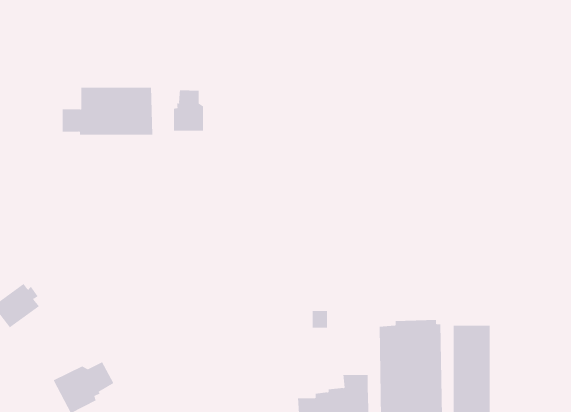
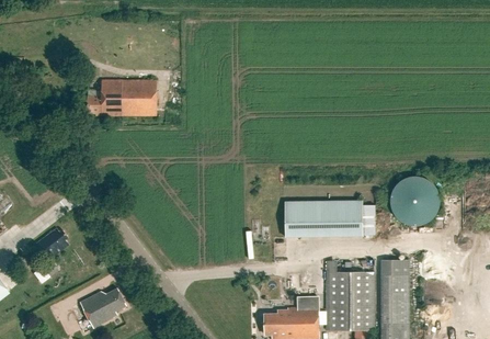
building: [173,90,203,132] -> none
building: none -> [391,176,442,226]
building: none -> [286,201,364,237]

